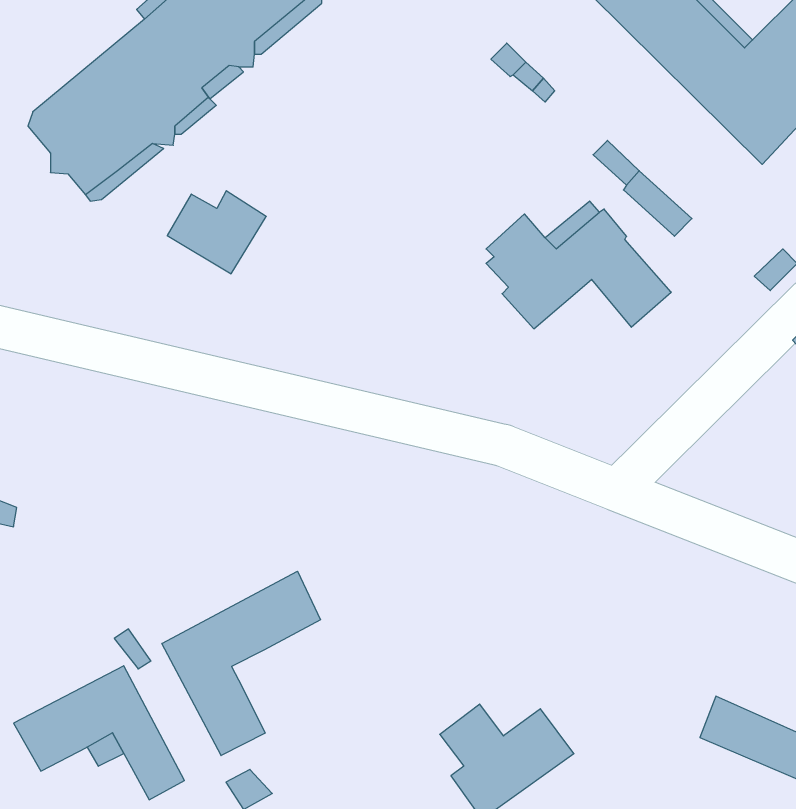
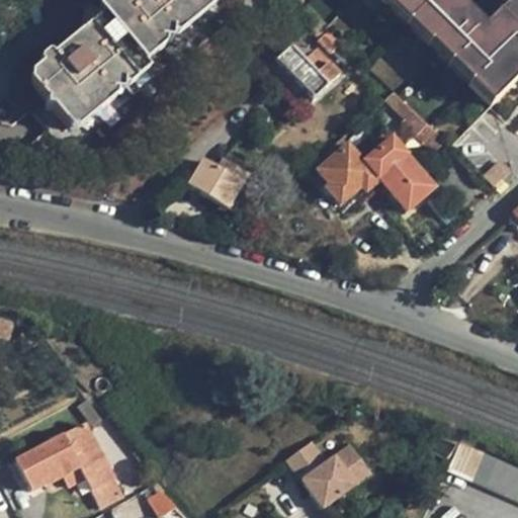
building: none -> [276,35,340,97]
building: [167,191,266,274] -> [185,155,248,207]
building: [162,571,321,756] -> none

